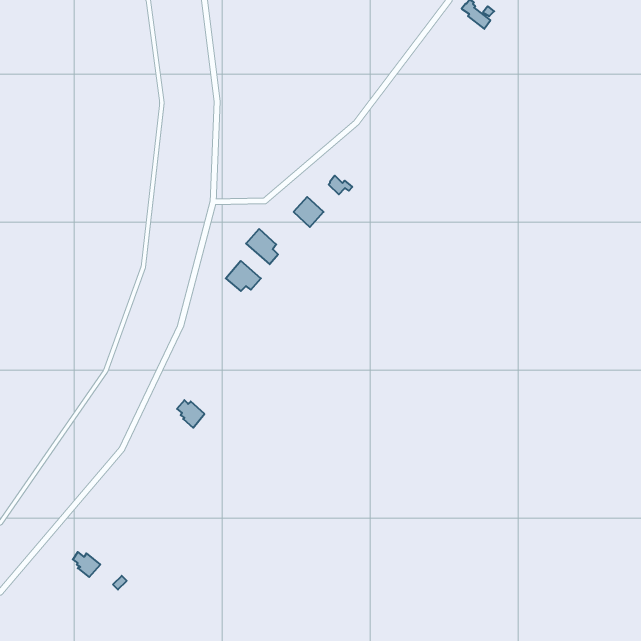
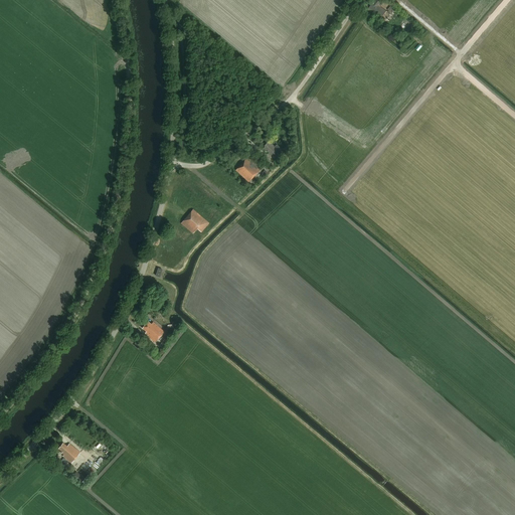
building: [246,229,278,264] -> none

